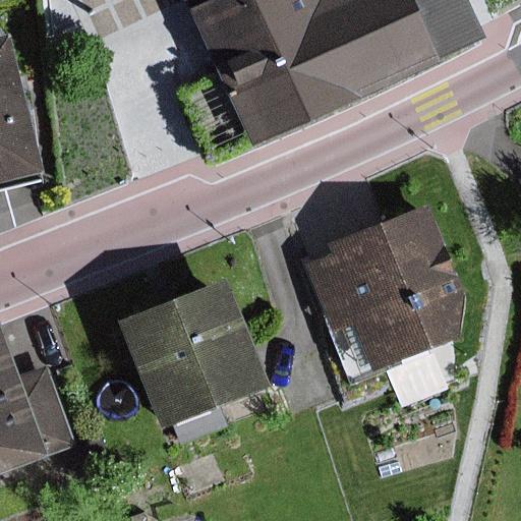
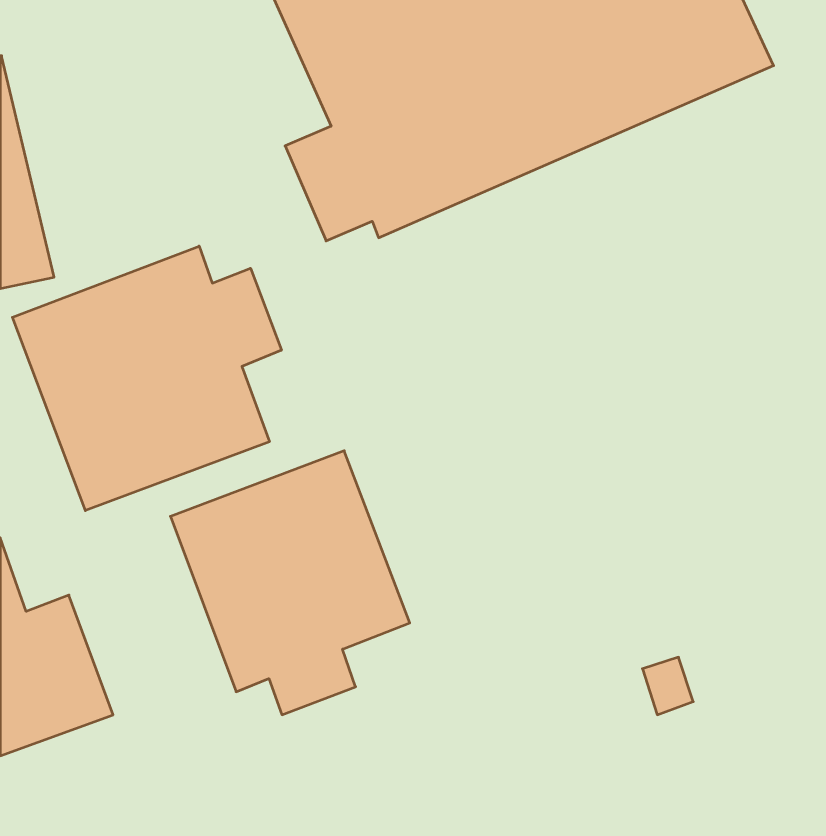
building: none -> [12,246,281,511]
building: [307,205,462,408] -> none

